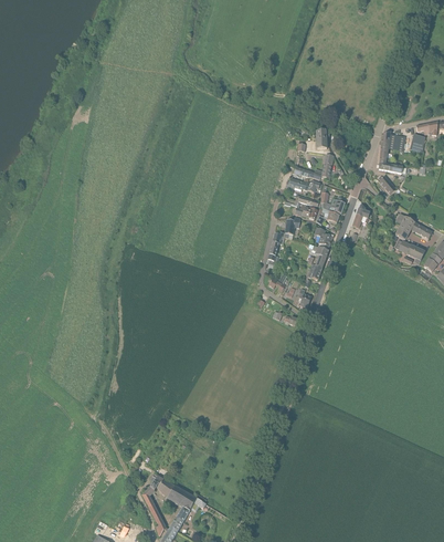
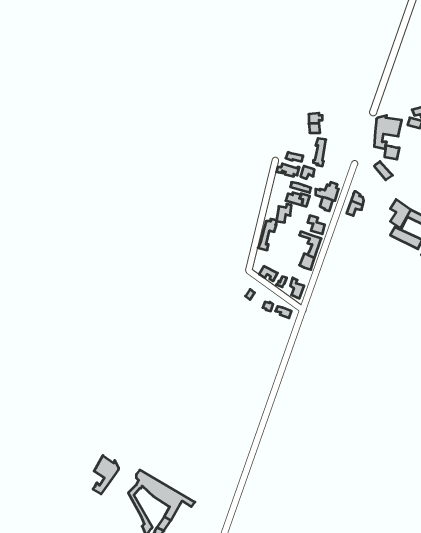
building: none -> [93,455,119,494]

